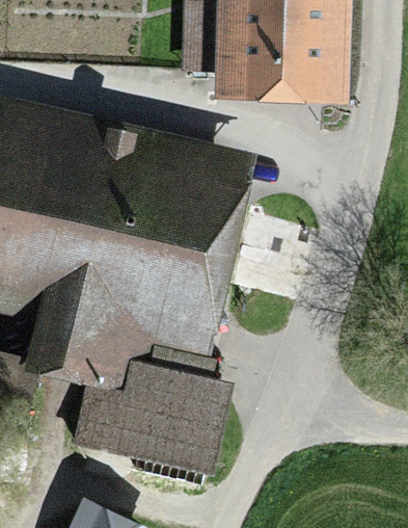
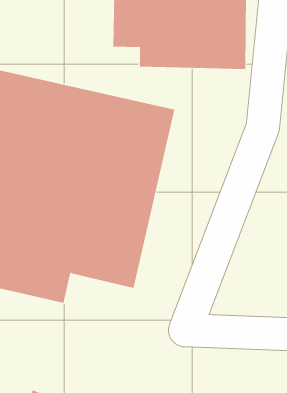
building: [71,354,230,475] -> none

